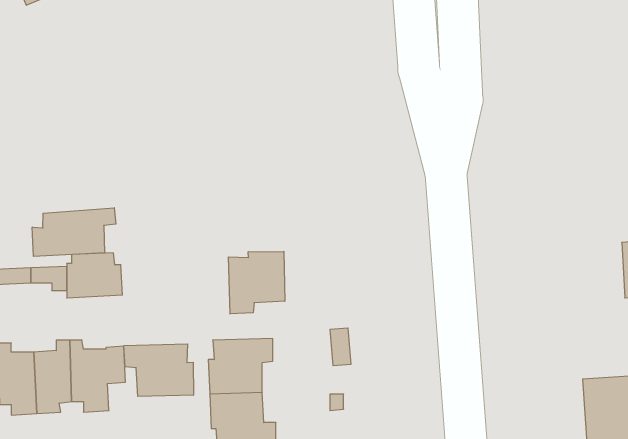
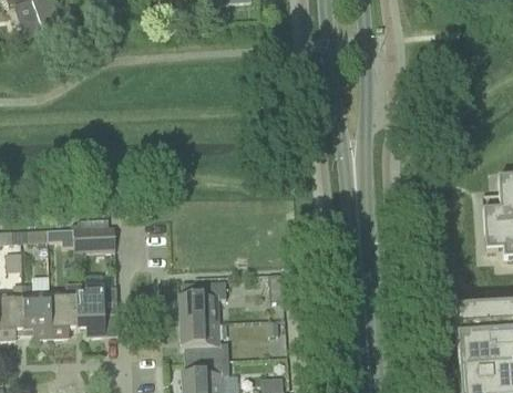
building: [32,208,116,256] -> none
building: [229,251,285,314] -> none
building: [124,344,193,396] -> none

